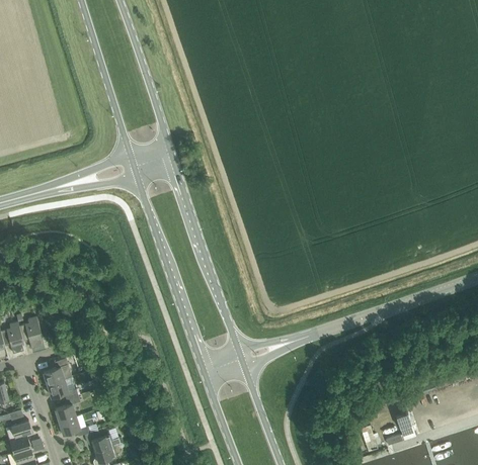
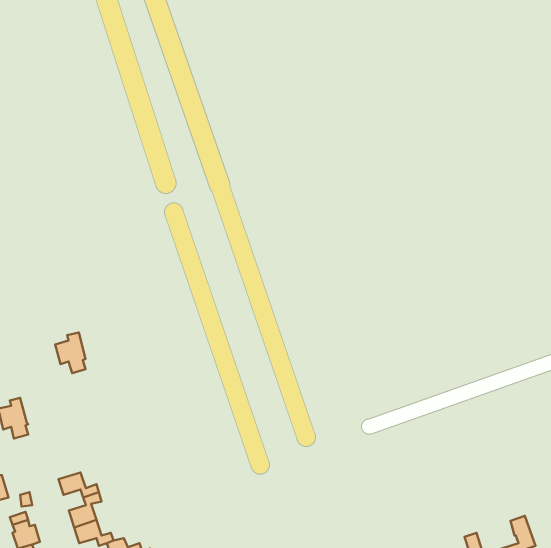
building: [18,316,42,348] -> [55,333,85,373]
building: [43,358,69,384] -> none

